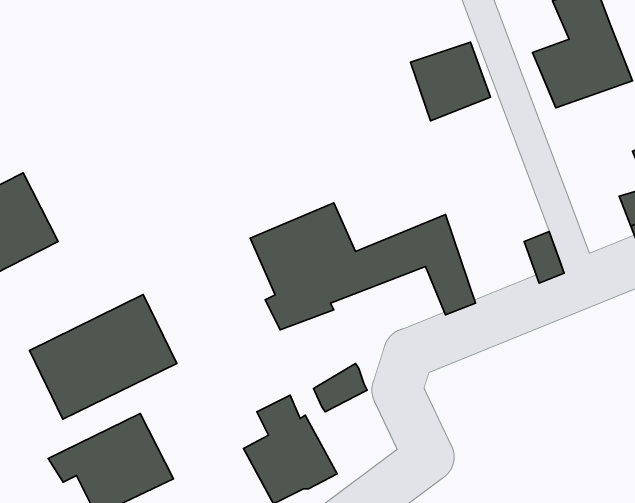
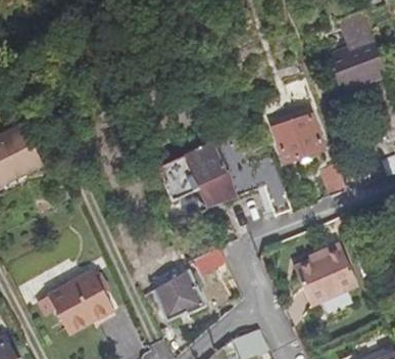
building: [410,42,491,121] -> [278,117,327,165]
building: [29,295,177,419] -> none
building: none -> [297,236,361,300]

